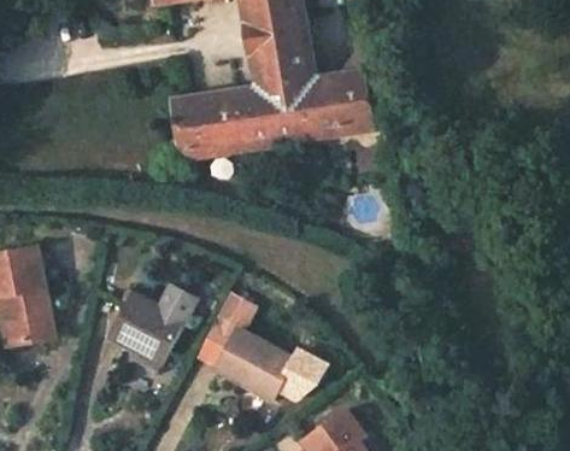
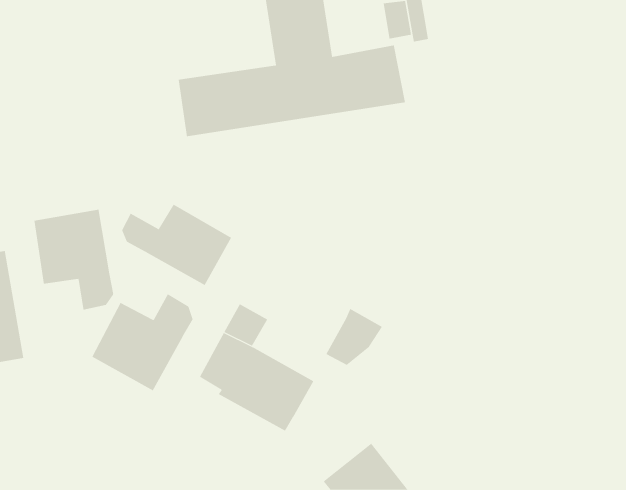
building: none -> [122,204,232,286]
building: none -> [34,209,114,310]
building: [277,348,325,397] -> [325,308,383,366]

